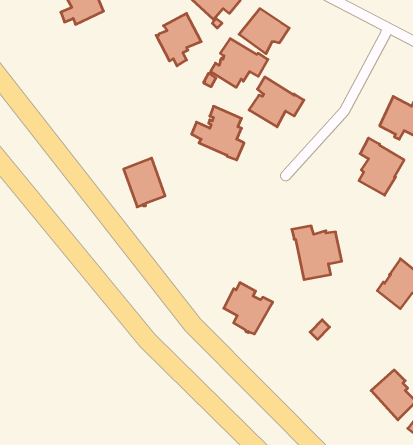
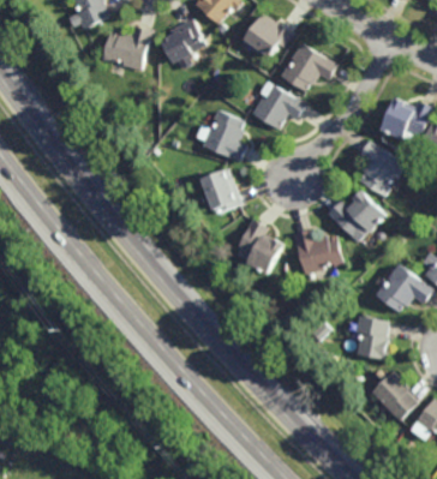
building: none -> [101,26,150,71]
building: [211,39,268,87] -> [281,44,337,92]
building: [124,158,165,207] -> [202,169,243,217]
building: none -> [328,192,387,241]
building: [224,283,273,334] -> [237,221,285,271]
building: none -> [357,313,389,358]

